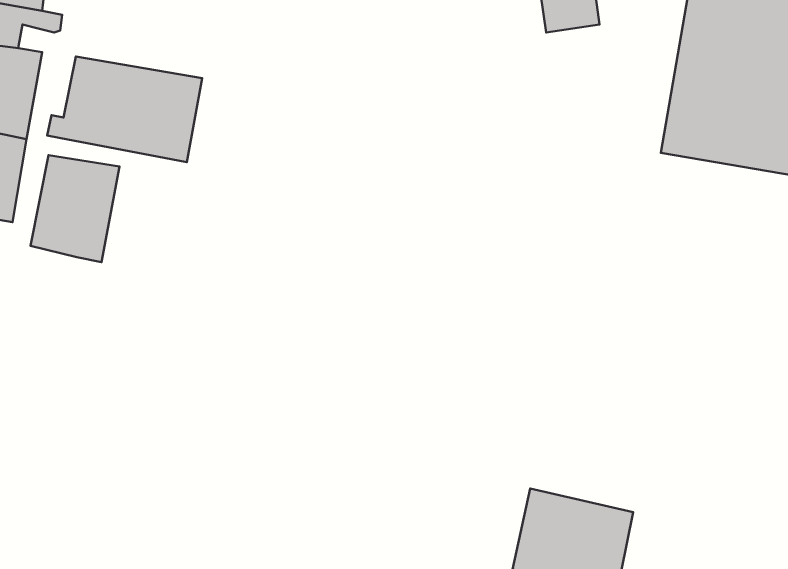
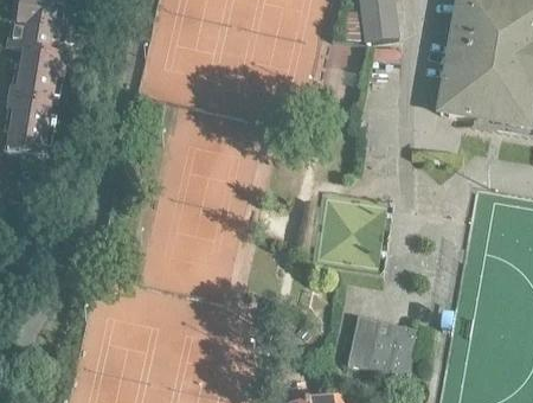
building: [47,56,202,162] -> none
building: [30,155,119,262] -> none

